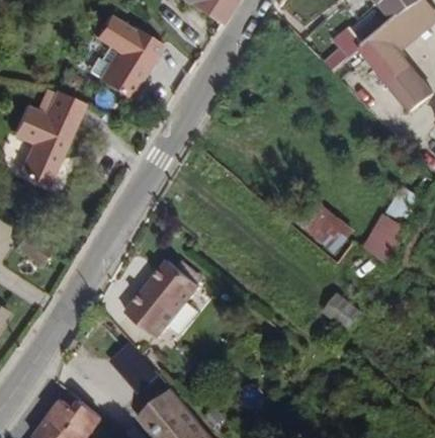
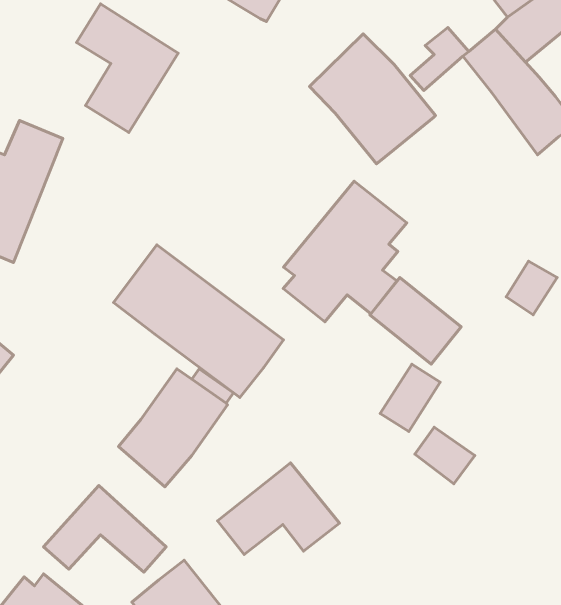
building: none -> [310,34,435,164]
building: none -> [283,181,407,322]
building: none -> [113,245,283,397]
building: [362,211,403,257] -> [380,364,440,432]
building: none -> [217,463,339,555]

